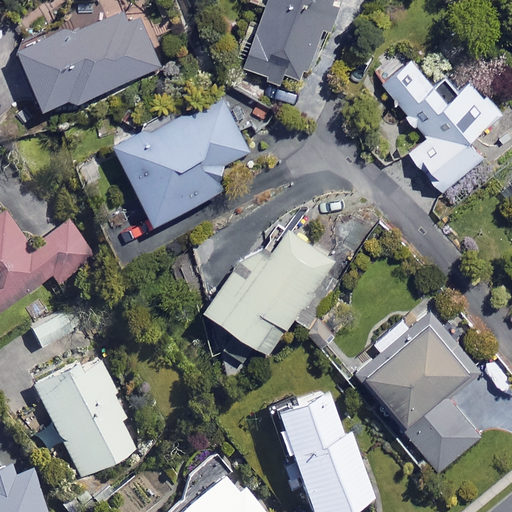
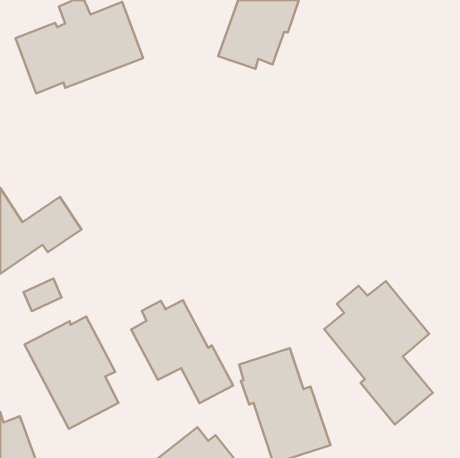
building: [380,57,500,195] -> none
building: [116,96,249,224] -> none
building: [204,228,336,354] -> none
building: none -> [131,300,233,403]

